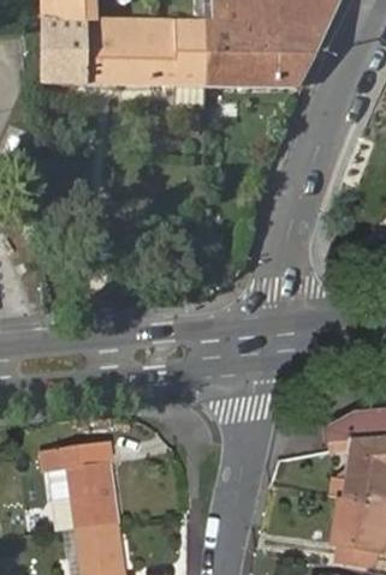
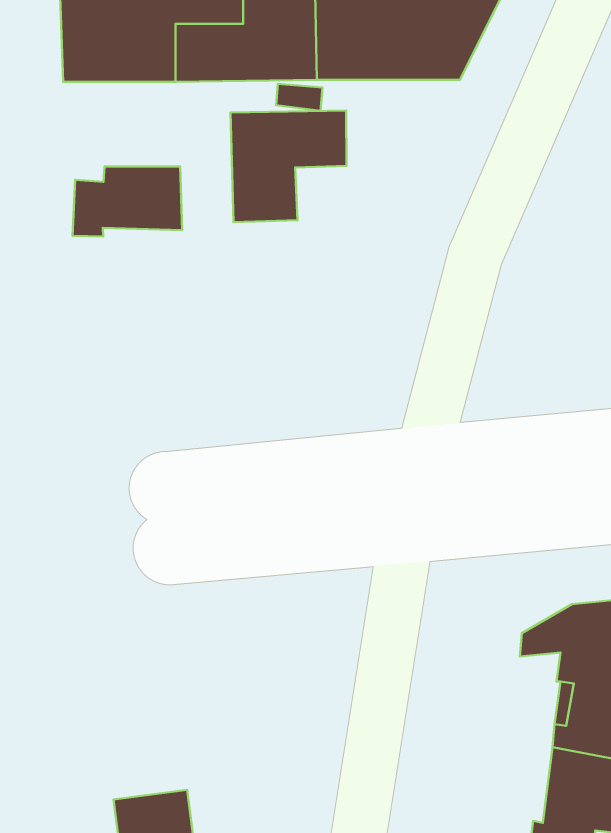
building: none -> [231,110,346,222]
building: none -> [73,167,182,236]
building: [54,443,118,529] -> none

